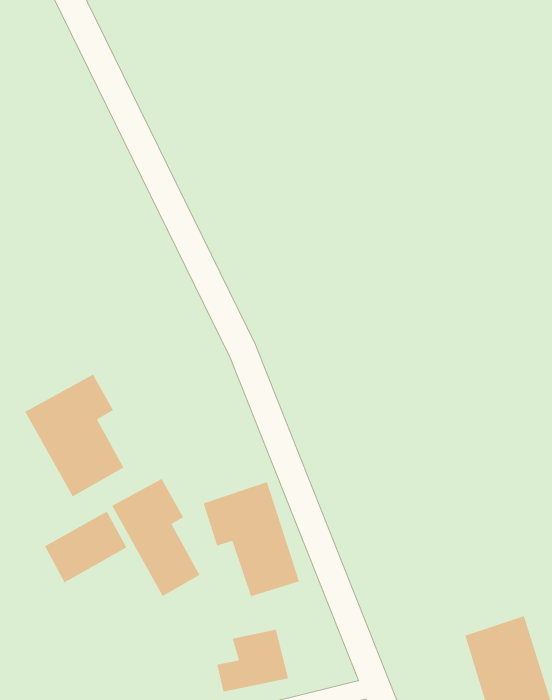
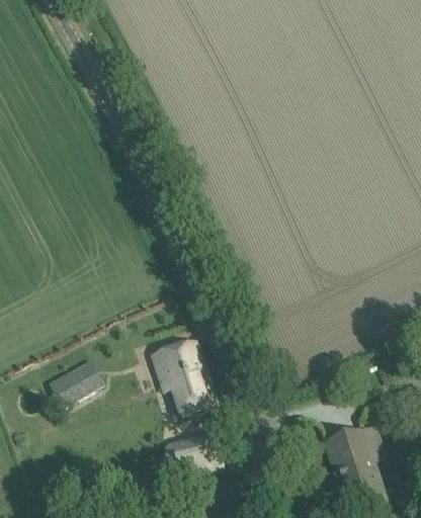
building: [25,374,124,497] -> none
building: [111,478,200,597] -> none

